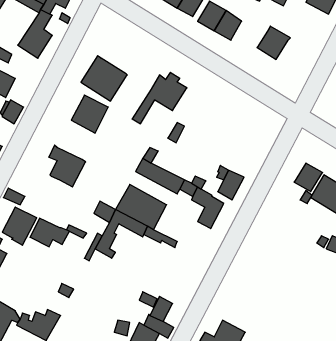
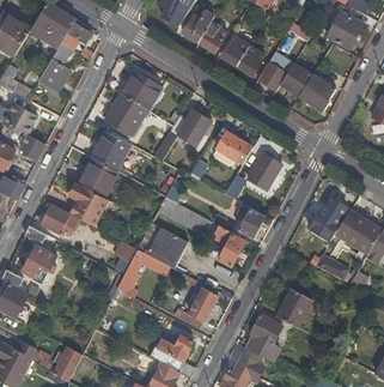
building: none -> [257,52,292,91]
building: none -> [123,72,161,109]
building: none -> [301,75,335,111]
building: none -> [215,128,255,164]
building: none -> [249,152,282,189]
building: none -> [79,156,118,195]
building: [30,218,69,247] -> [42,202,81,231]
building: none -> [175,285,220,327]
building: none -> [275,289,311,327]
building: none -> [246,316,281,361]

